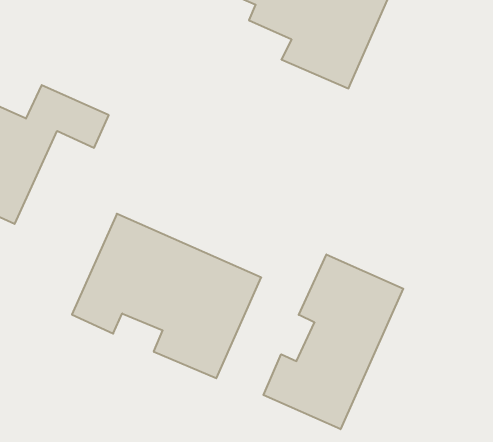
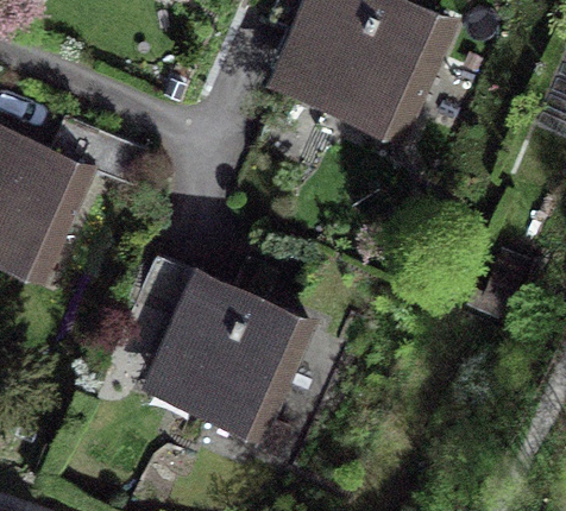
building: [263,254,403,429] -> none

